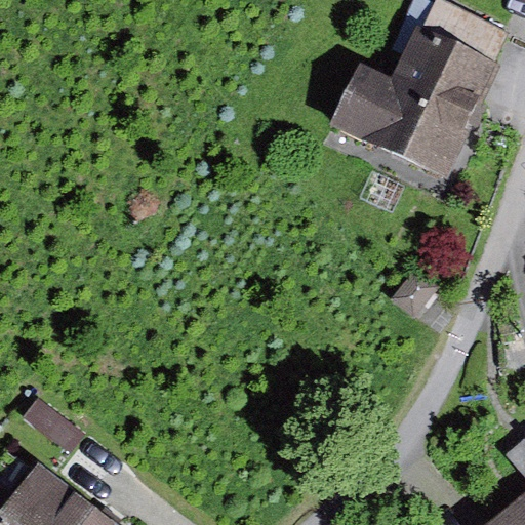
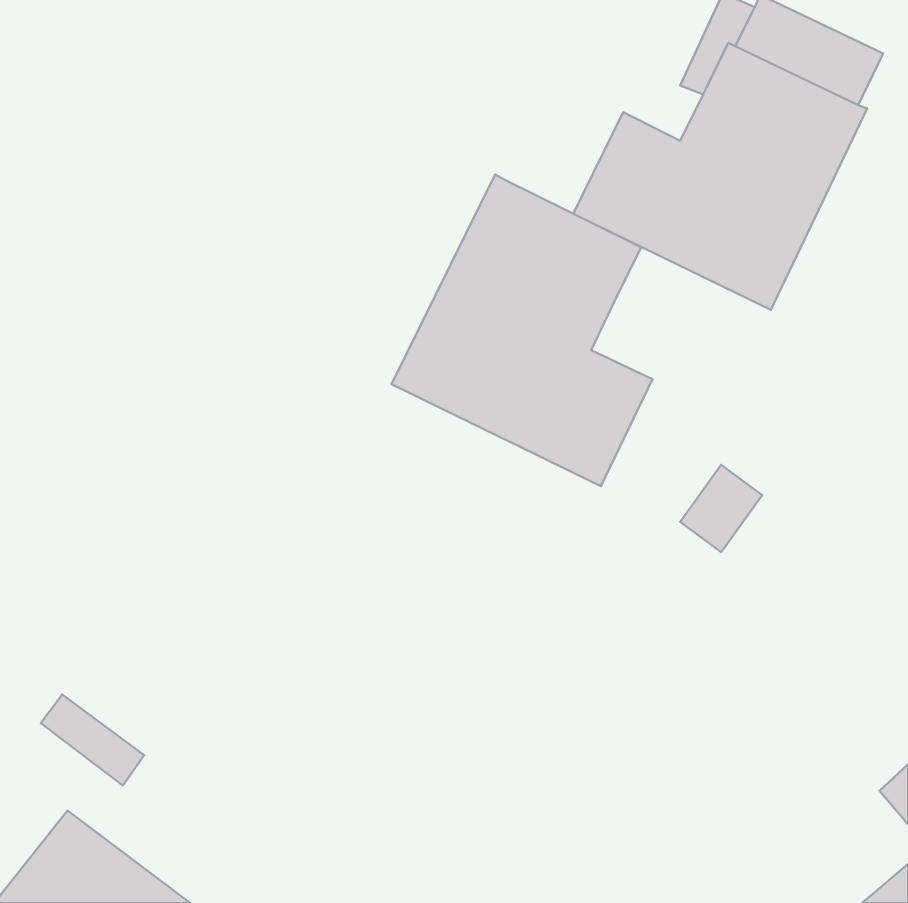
building: none -> [391,174,652,486]

